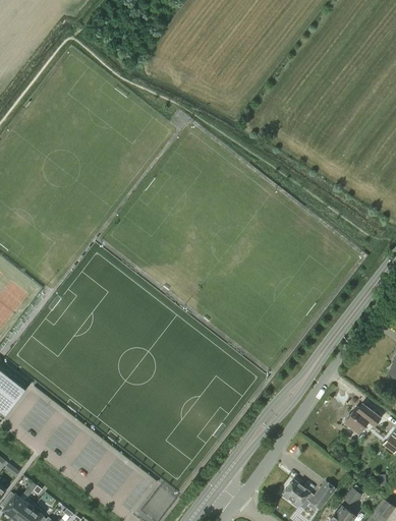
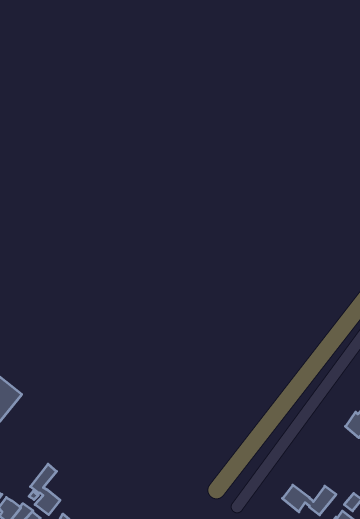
building: none -> [30,464,60,515]

